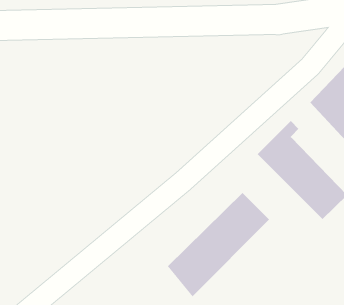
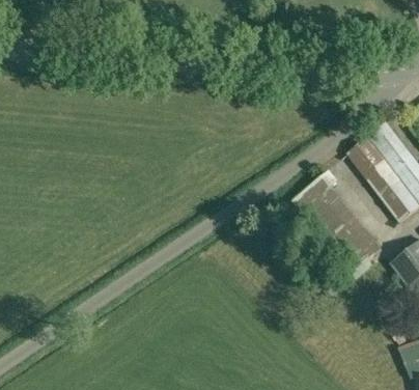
building: [167,192,270,297] -> none

